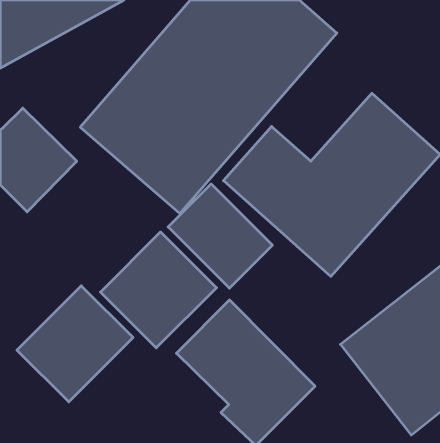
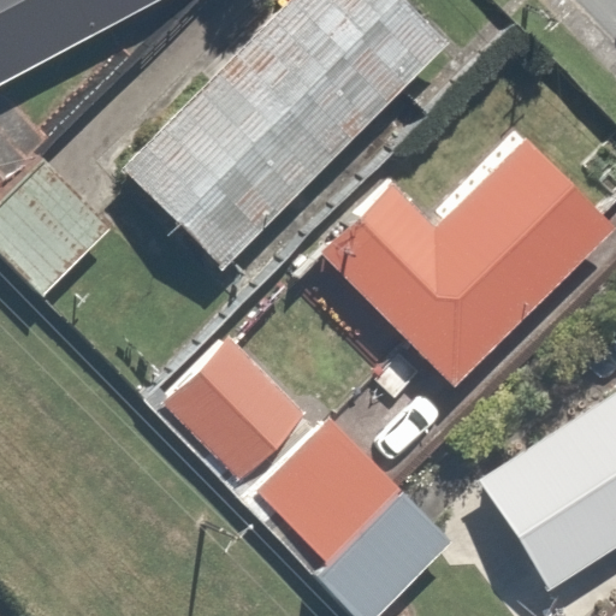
building: [168,184,272,288] -> none
building: [17,286,133,402] -> none

